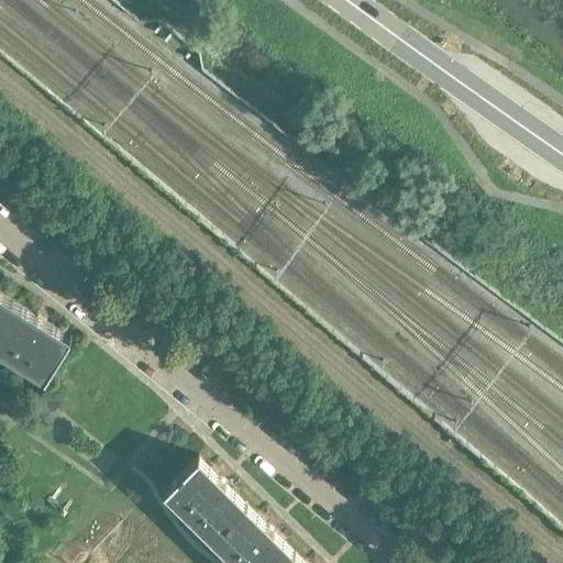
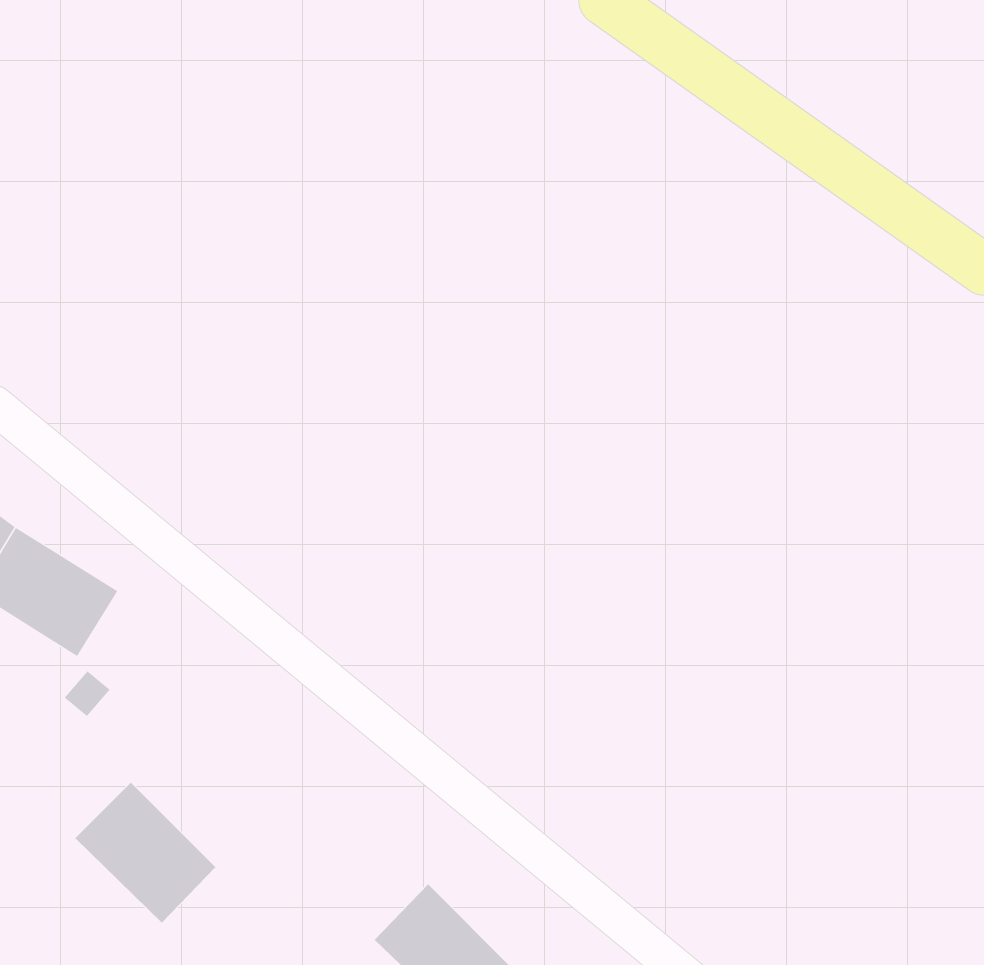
building: [163,467,243,548] -> [75,782,216,923]

